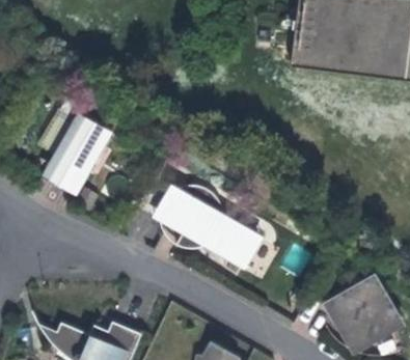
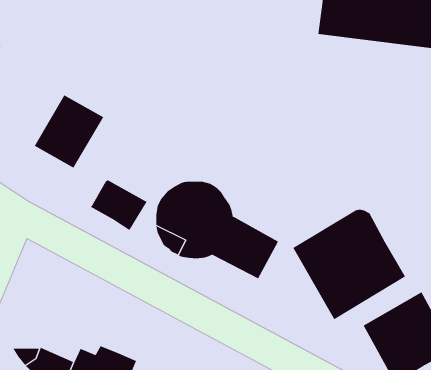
building: [40,155,88,197] -> [90,179,148,231]
building: none -> [292,209,406,320]

